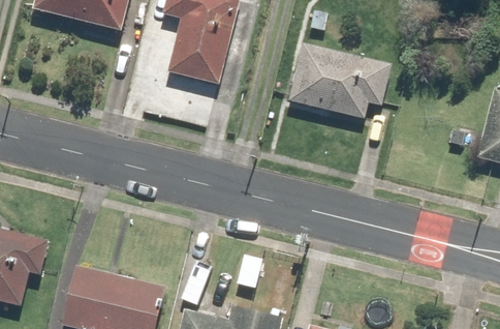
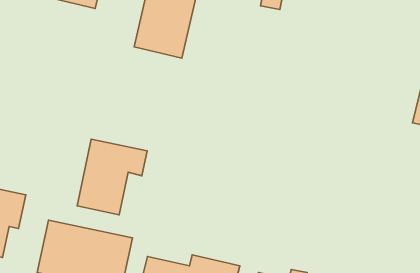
building: [289,42,394,118] -> none
building: none -> [77,139,147,215]

